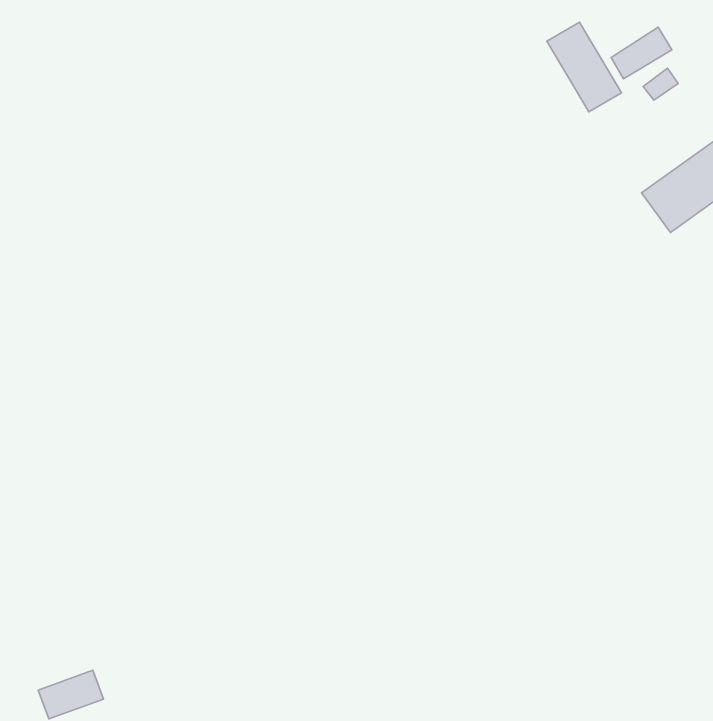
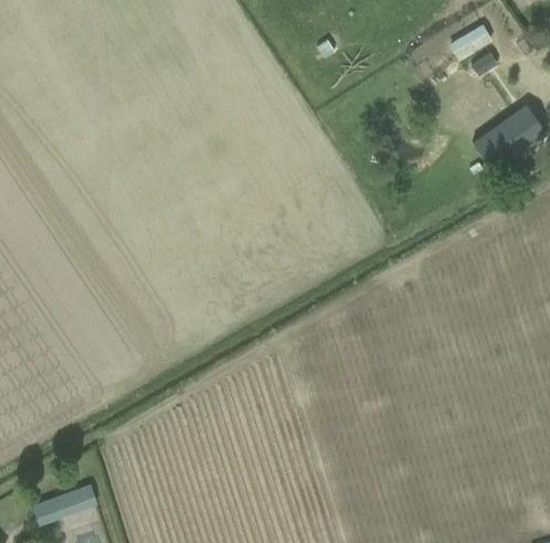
building: [547,22,622,112] -> none

